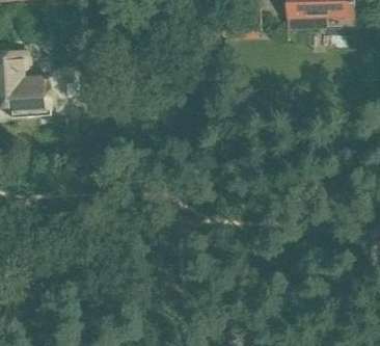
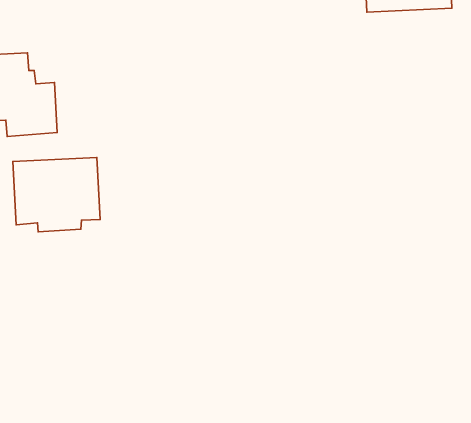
building: none -> [13,158,100,232]

